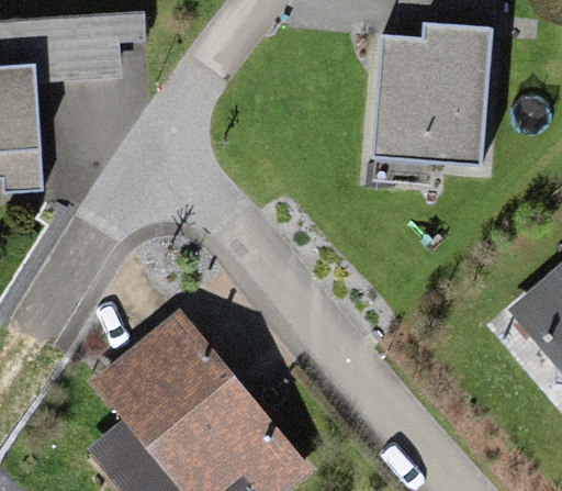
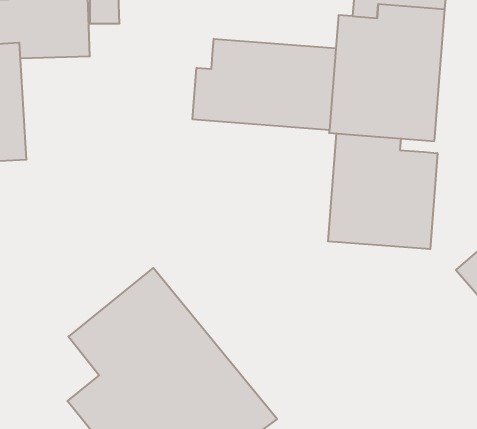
building: none -> [193,39,336,130]
building: none -> [328,133,437,249]

